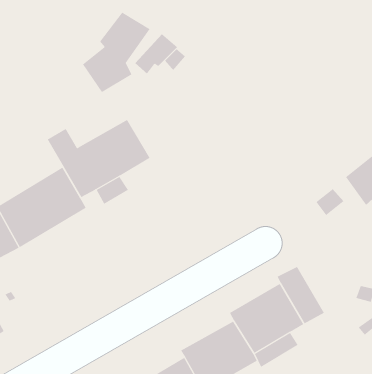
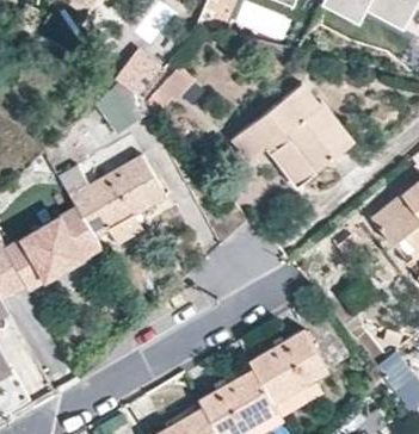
building: none -> [230,83,353,186]

